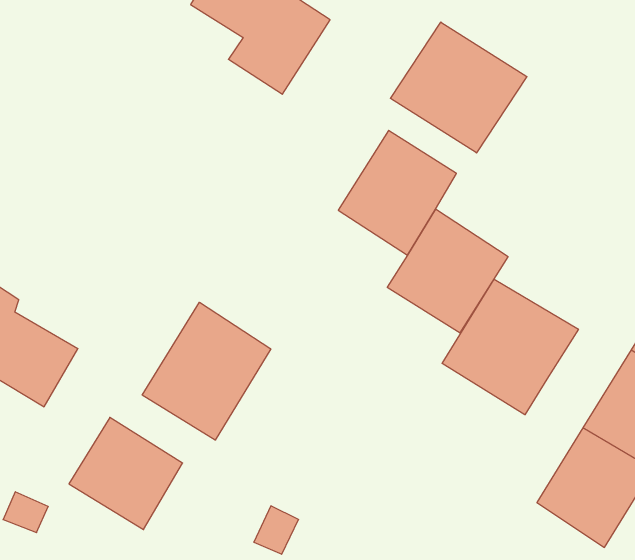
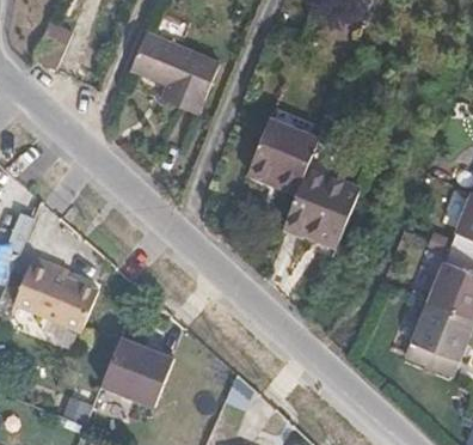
building: [390,22,527,153] -> none
building: [442,279,578,415] -> none
building: [142,302,271,440] -> none

